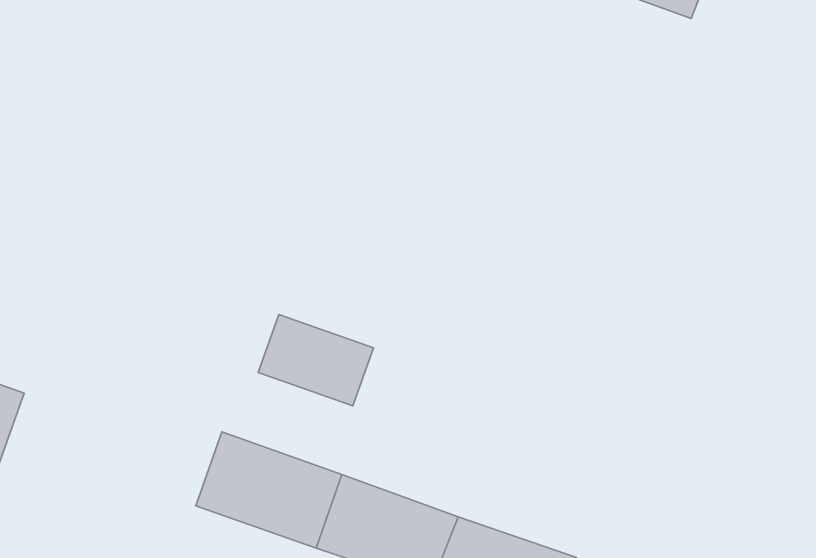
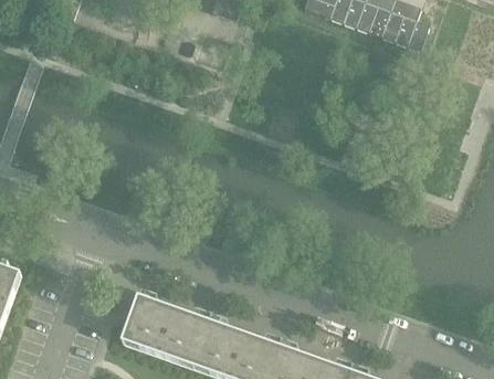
building: [258,315,374,406] -> none

